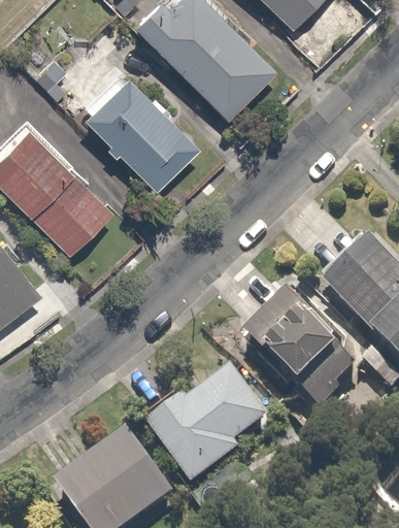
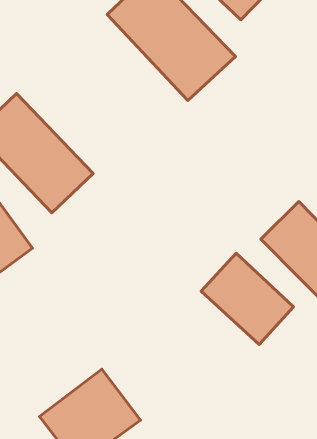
building: [78,64,212,199] -> none
building: [143,368,261,478] -> none

